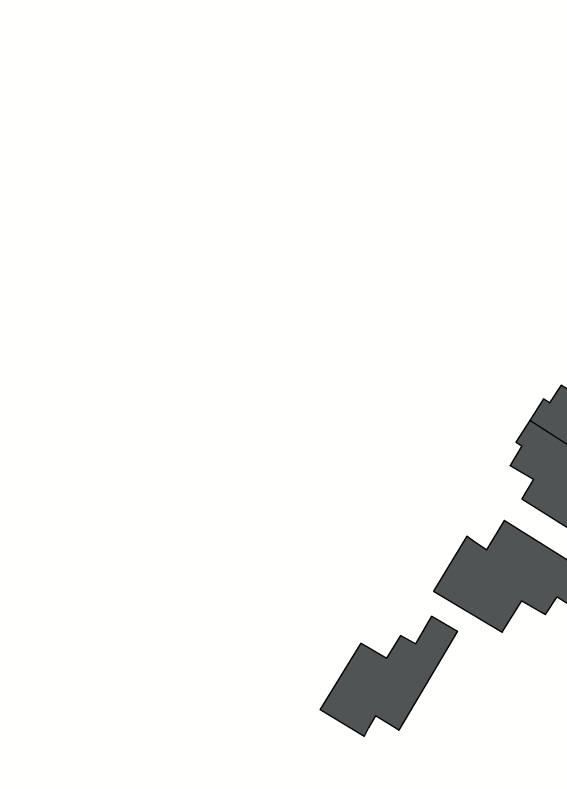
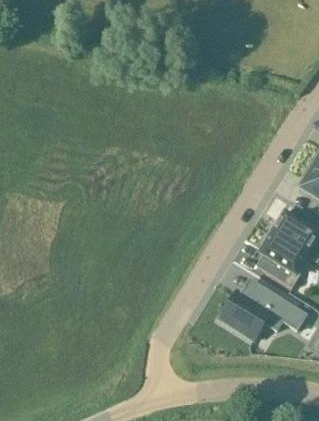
building: [320,616,457,736] -> none

